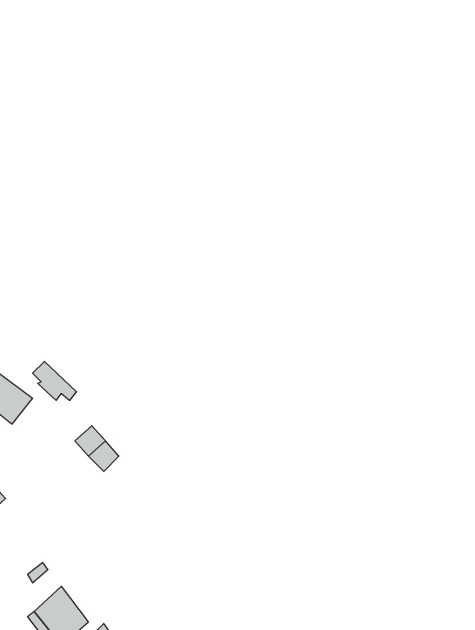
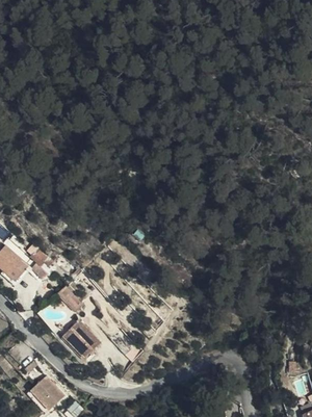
building: none -> [60,317,98,355]

